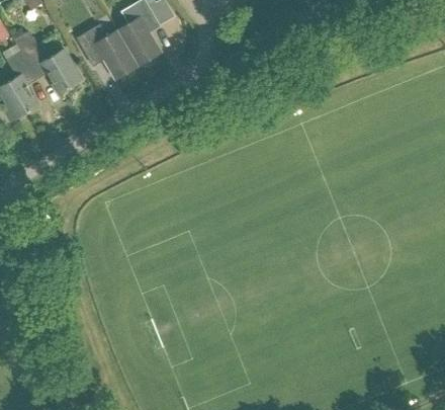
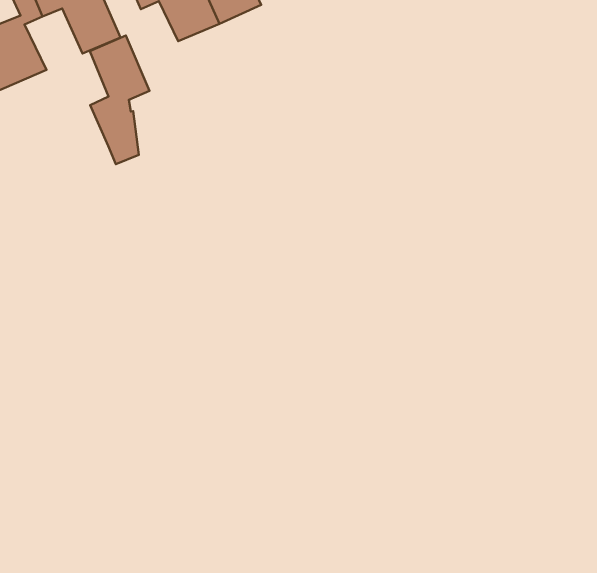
building: none -> [90,35,150,164]

